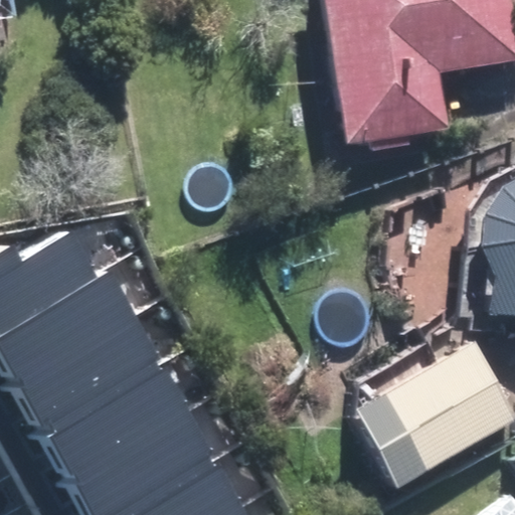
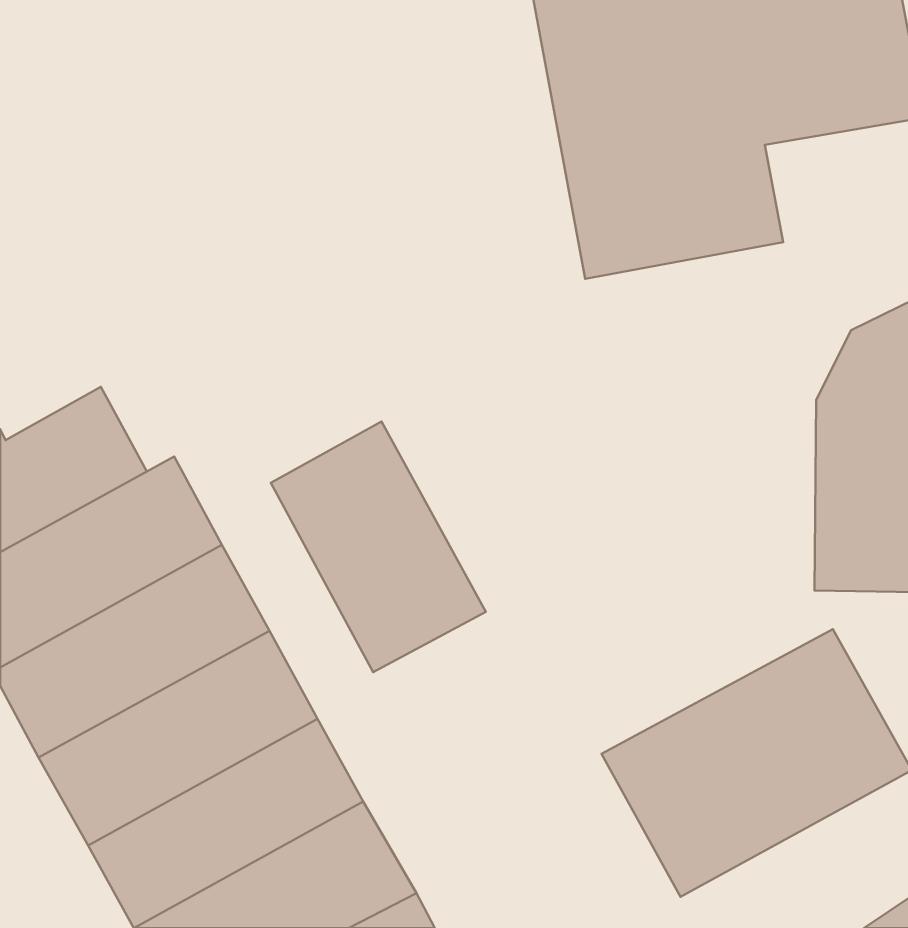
building: none -> [271,422,486,672]

